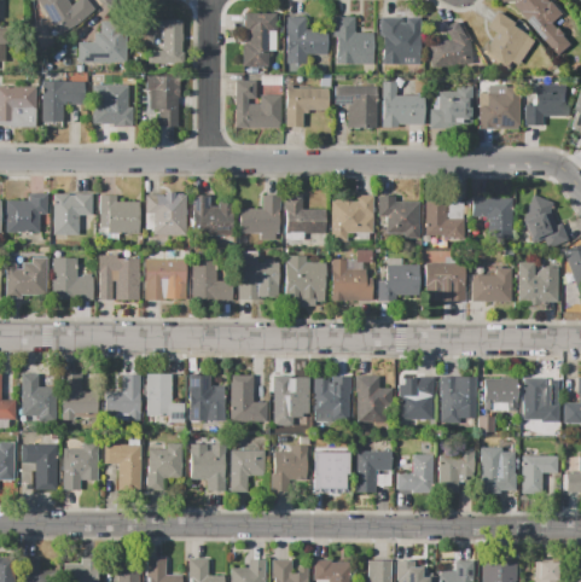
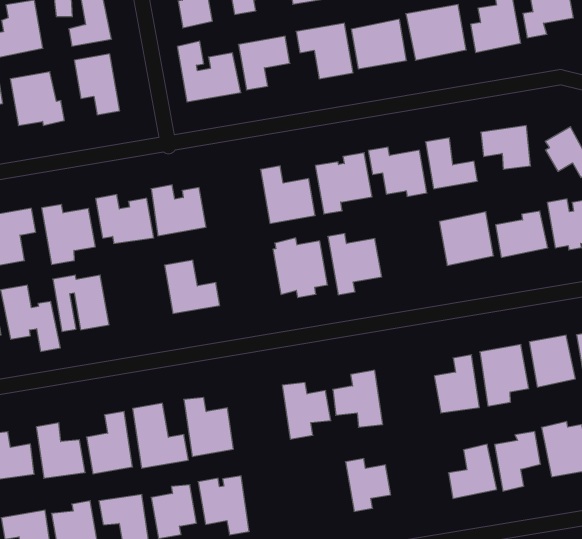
building: [240,196,281,233] -> none
building: [239,250,280,297] -> none
building: [145,258,187,299] -> none
building: [379,264,420,301] -> none
building: [230,376,268,423] -> none
building: [355,377,391,424] -> none
building: [274,447,307,490] -> none
building: [231,450,266,491] -> none
building: [355,450,391,494] -> none

